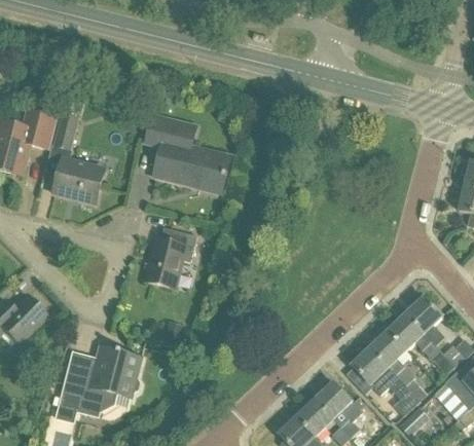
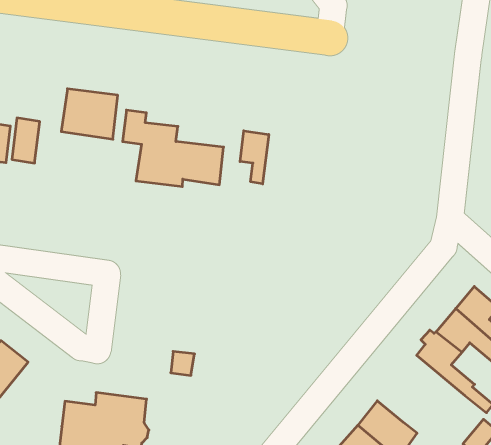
building: none -> [240,131,269,184]
building: [53,157,104,203] -> [61,89,118,139]
building: [145,226,196,287] -> none
building: [351,346,405,395] -> none

